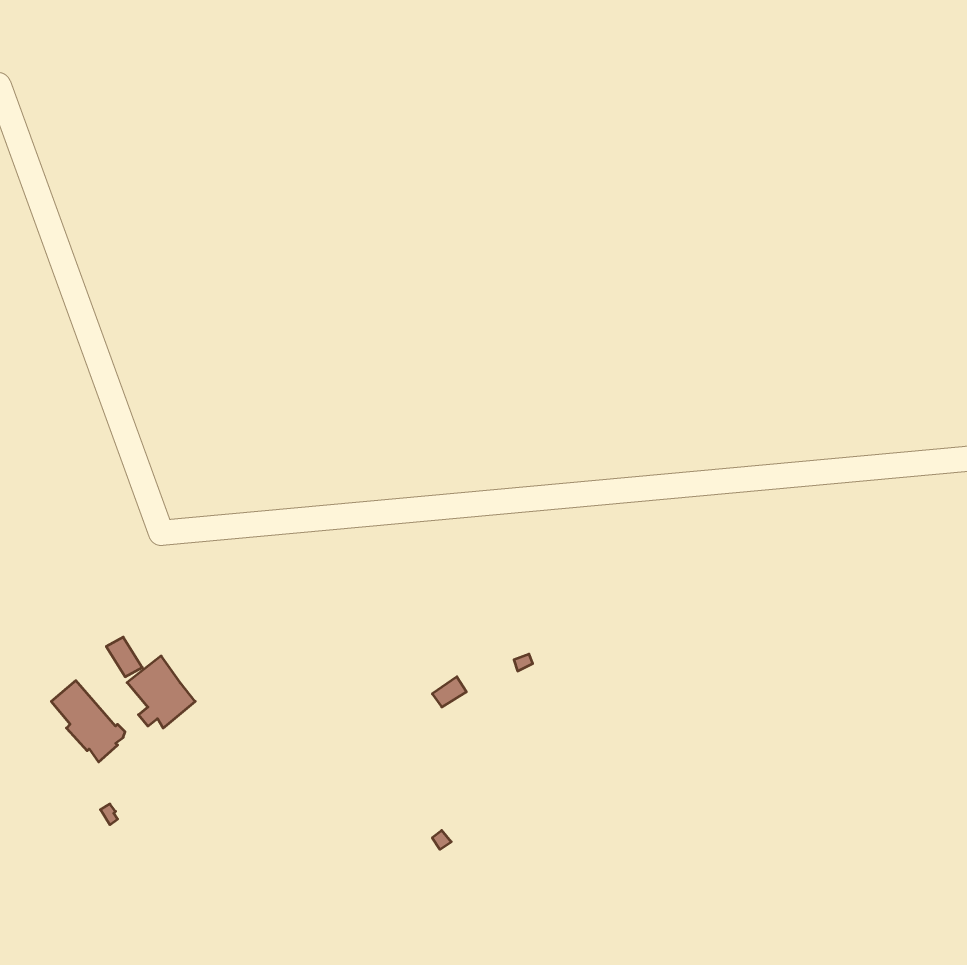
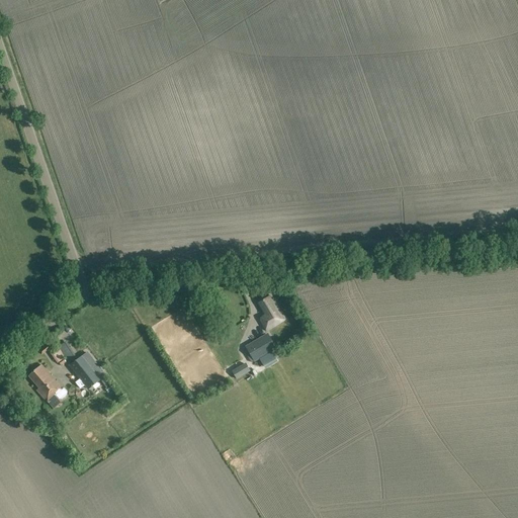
building: none -> [257,294,283,330]
building: none -> [244,334,275,362]

